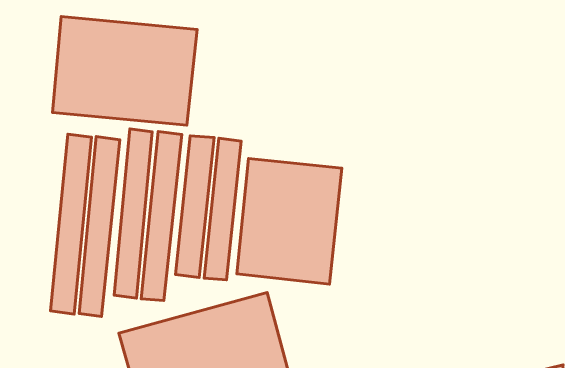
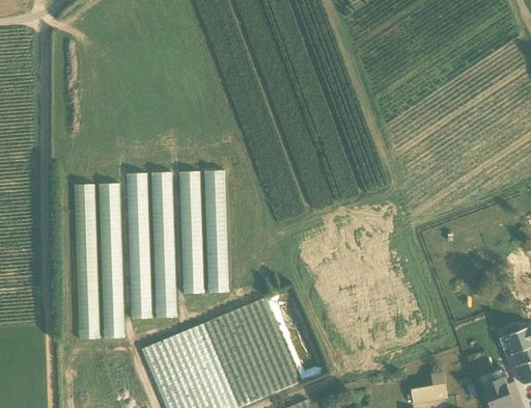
building: [52,16,197,125] -> none
building: [237,159,342,284] -> none

